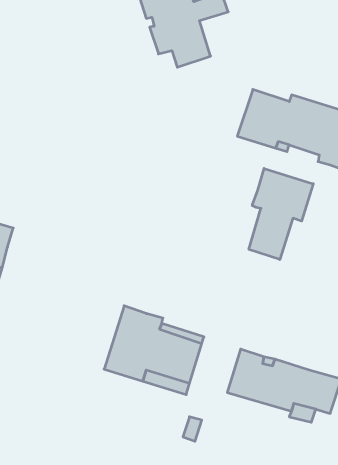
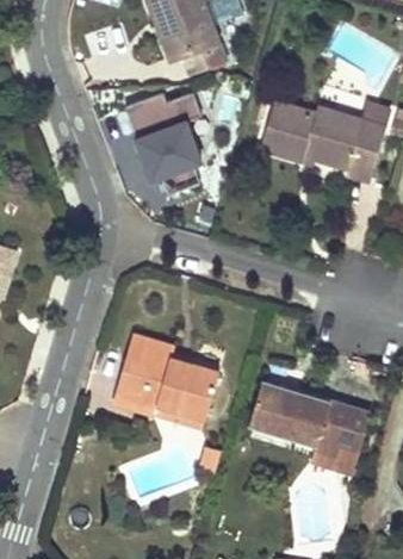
building: none -> [130,94,199,194]
building: [249,168,313,260] -> none

